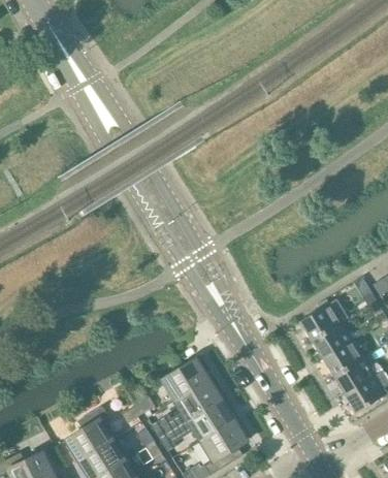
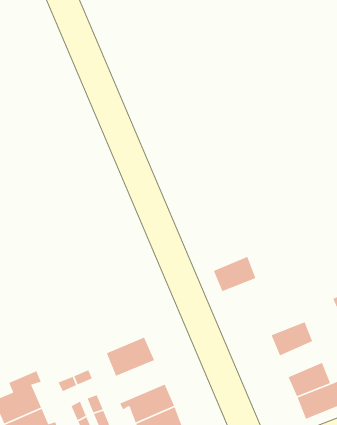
building: [300,302,342,340] -> [213,256,257,292]
building: [323,340,363,376] -> none
building: [175,380,222,424] -> none

